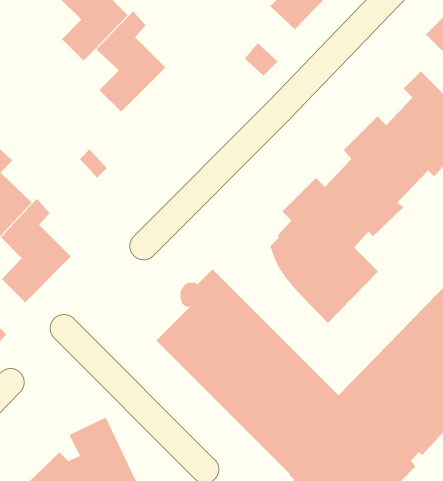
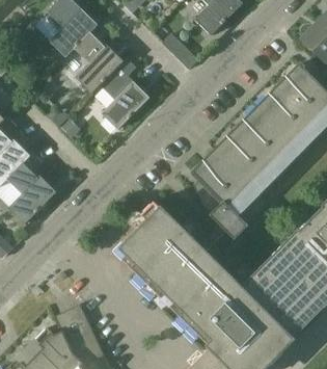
building: none -> [99,58,149,130]

